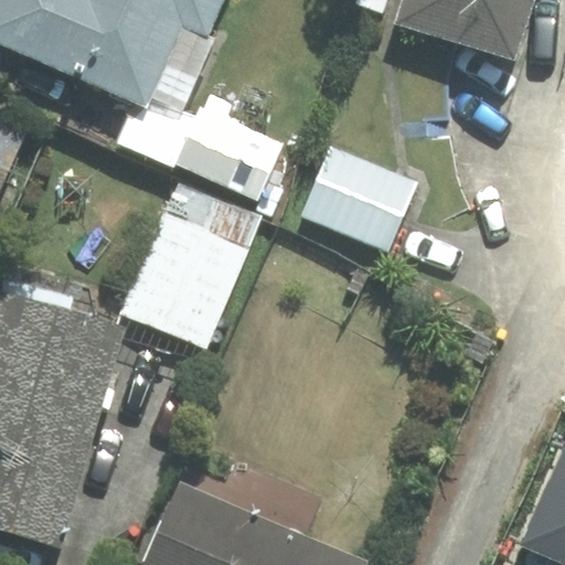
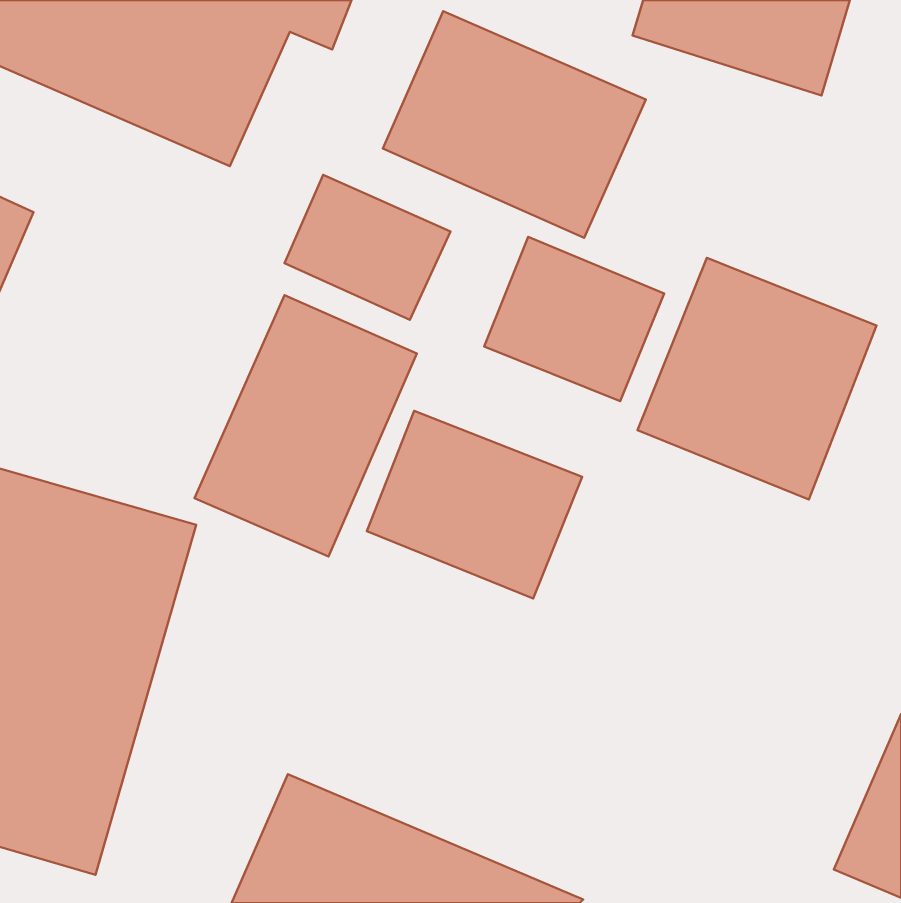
building: none -> [383,11,646,238]
building: none -> [637,258,877,499]
building: none -> [367,411,582,598]

